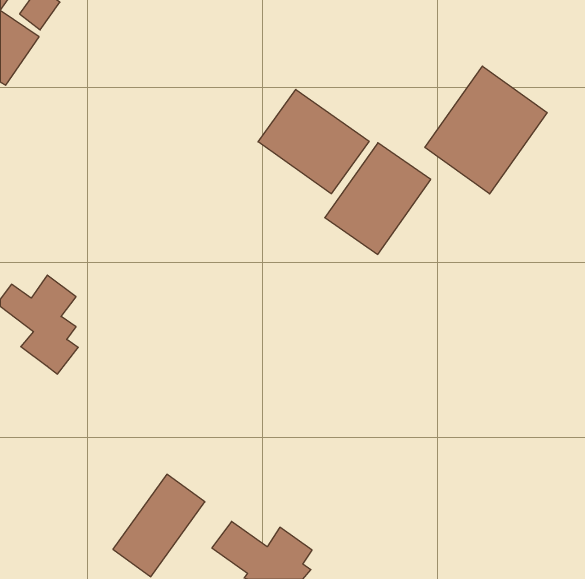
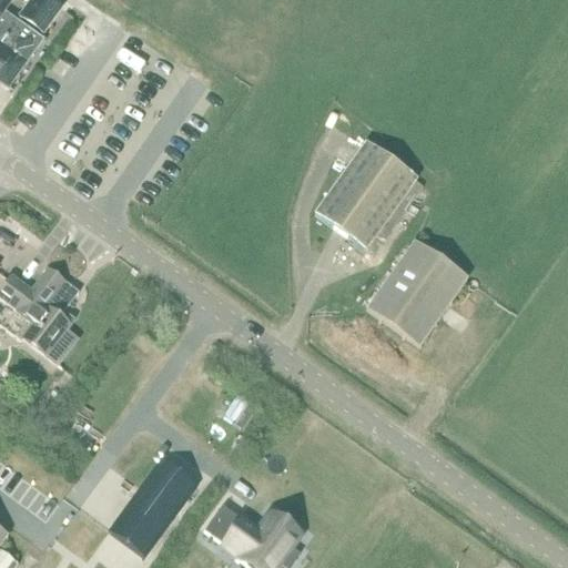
building: [425,66,547,194] -> none
building: [258,89,369,194] -> none
building: none -> [367,237,470,344]

